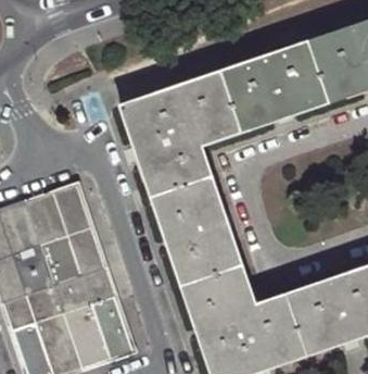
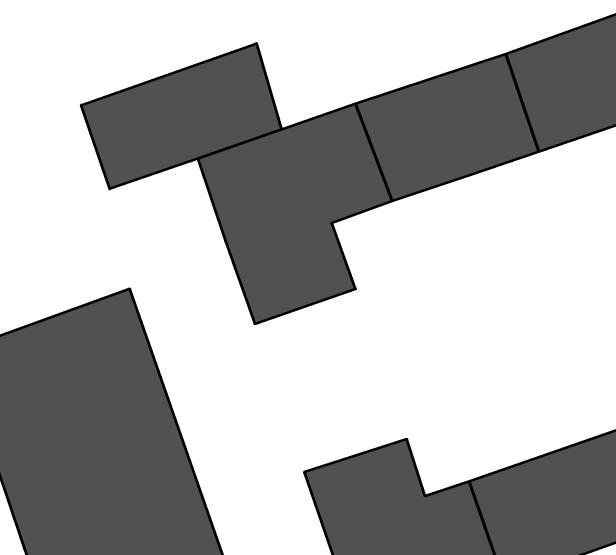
building: none -> [81,43,281,189]
building: [151,184,241,292] -> none

